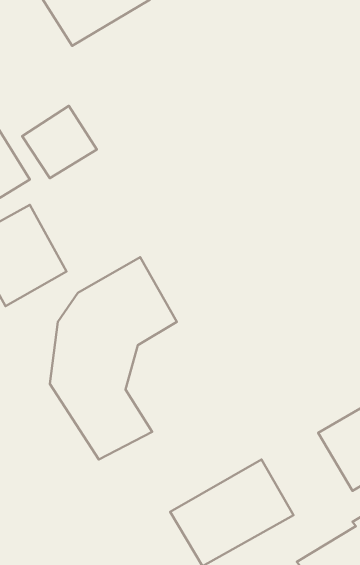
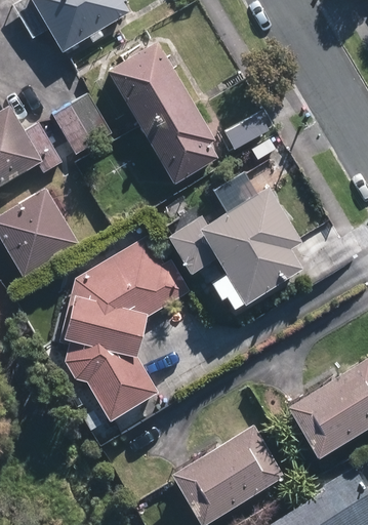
building: none -> [106,42,221,181]
building: none -> [164,152,304,304]

